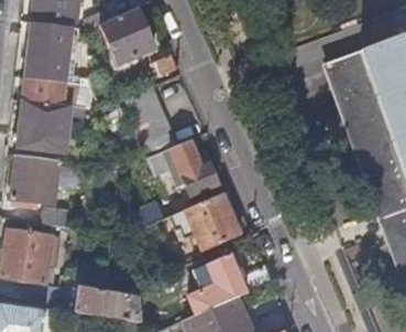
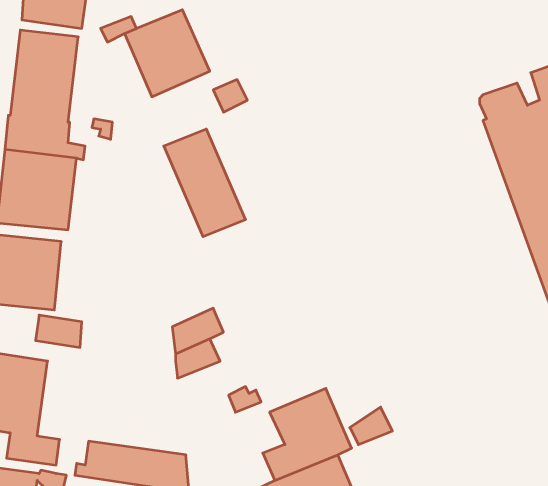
building: [147,139,219,195] -> none
building: [169,189,241,249] -> none

